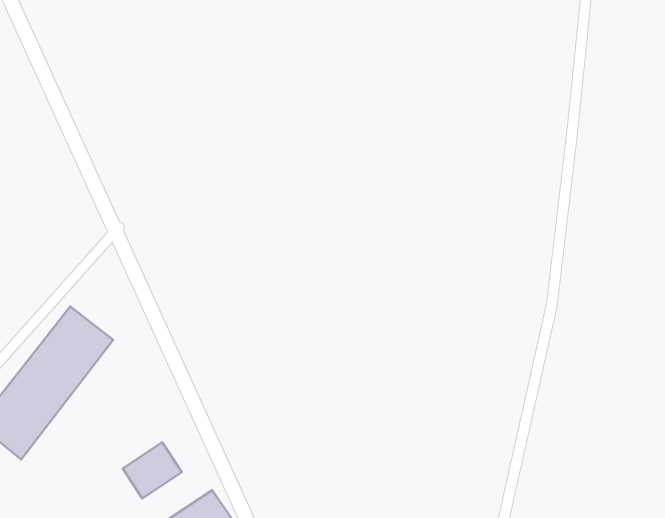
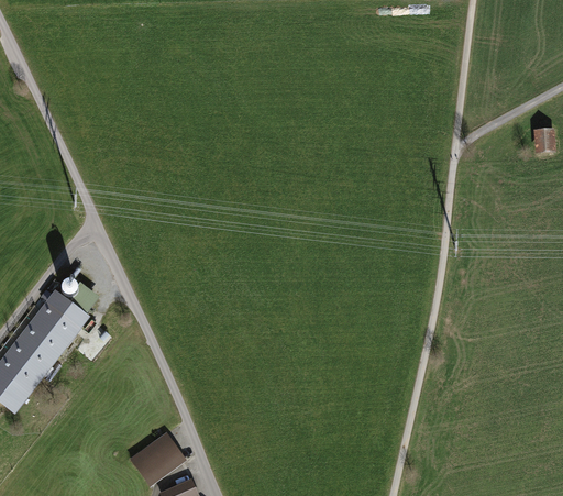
building: [123,442,182,499] -> none

